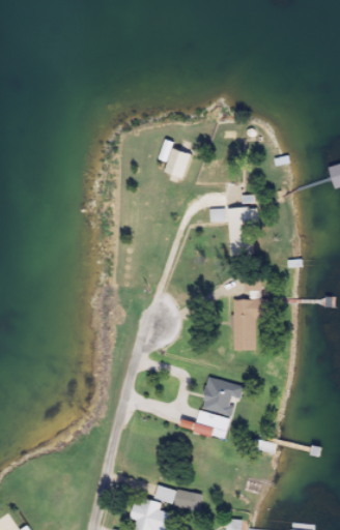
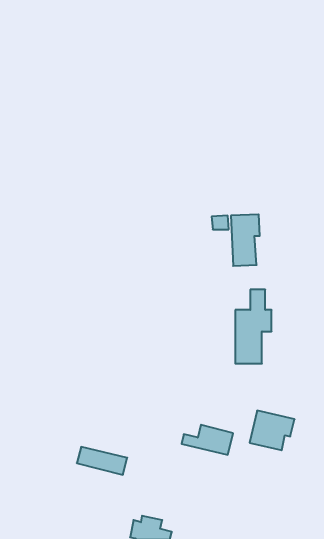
building: [159,145,191,179] -> none
building: [200,378,244,416] -> [250,411,295,450]
building: [152,484,201,511] -> [77,447,127,475]

